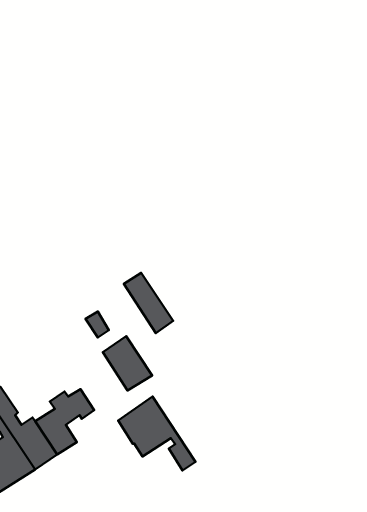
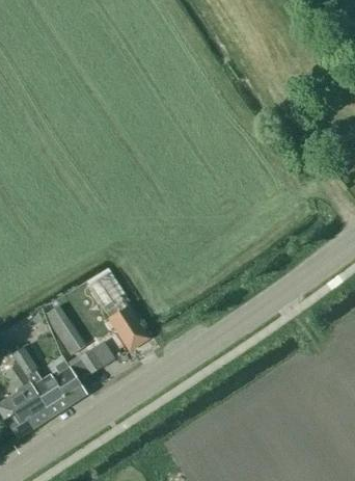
building: [124,273,173,333] -> [44,300,85,351]
building: [118,396,195,470] -> none

